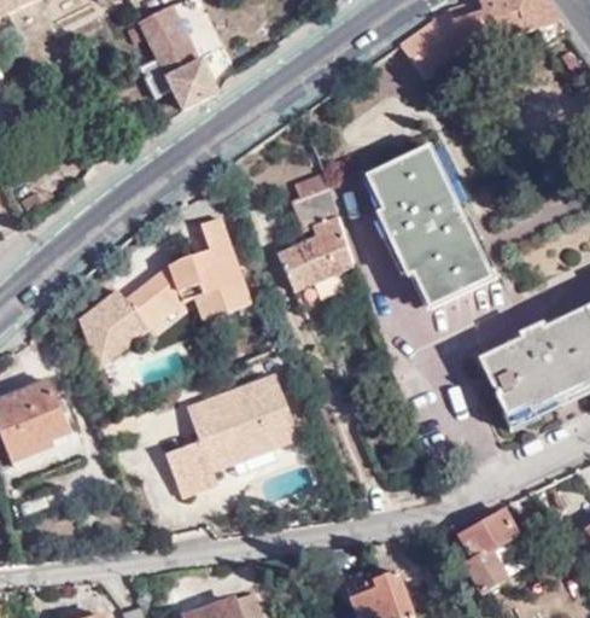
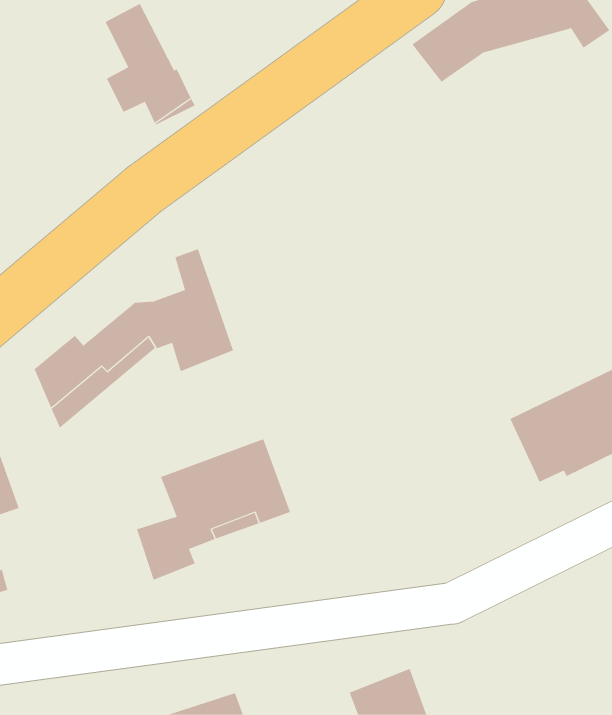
building: [370,148,489,304] -> none
building: [276,168,355,287] -> none
building: [450,508,521,591] -> none

